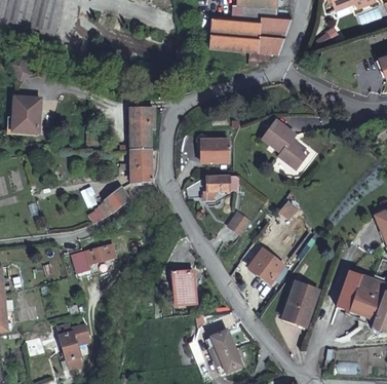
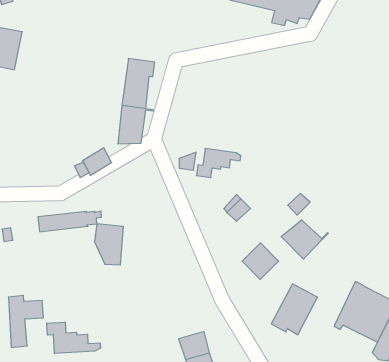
building: [261,123,307,169] -> none
building: [202,140,229,162] -> none
building: none -> [281,220,328,259]
building: [170,271,195,305] -> [94,224,123,265]
building: none -> [47,322,100,354]

